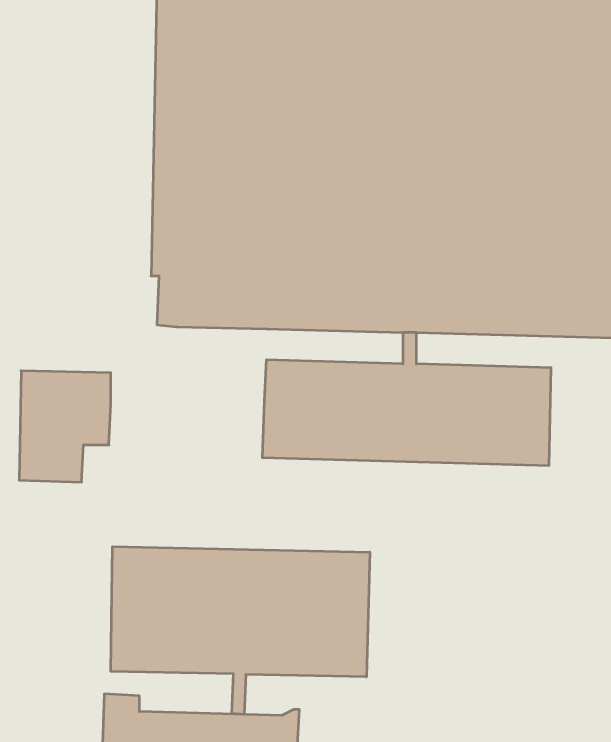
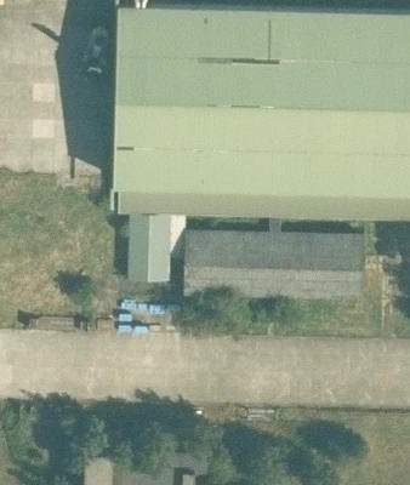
building: [19,371,111,482] -> [129,210,186,279]
building: [111,547,370,714] -> none

